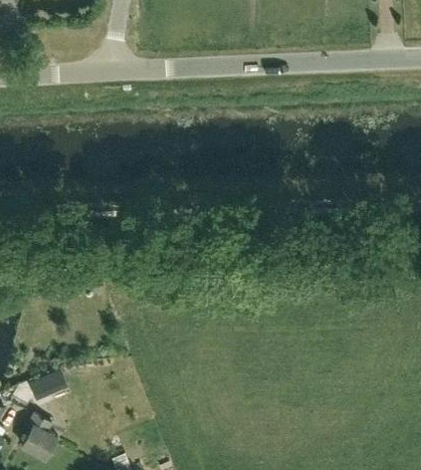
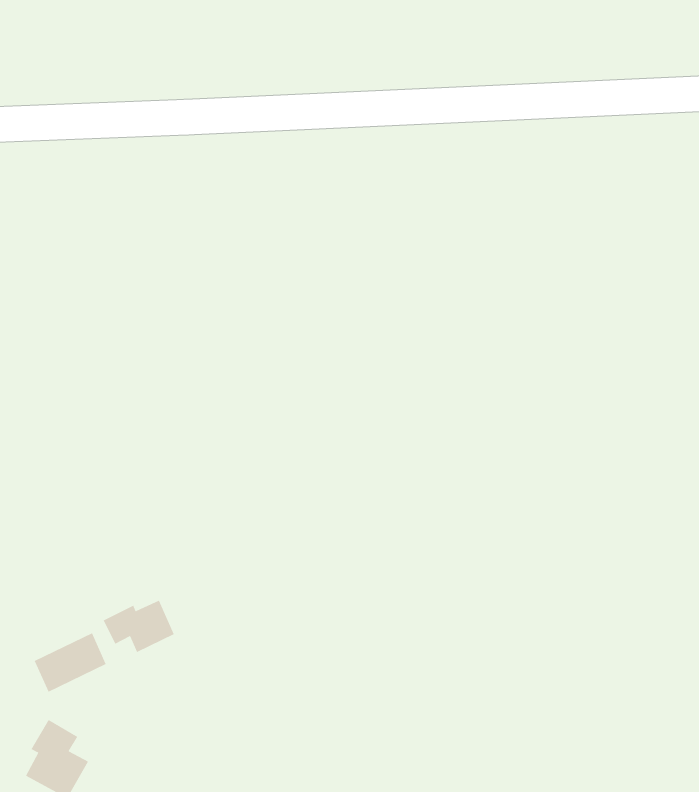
building: none -> [103,600,175,653]

